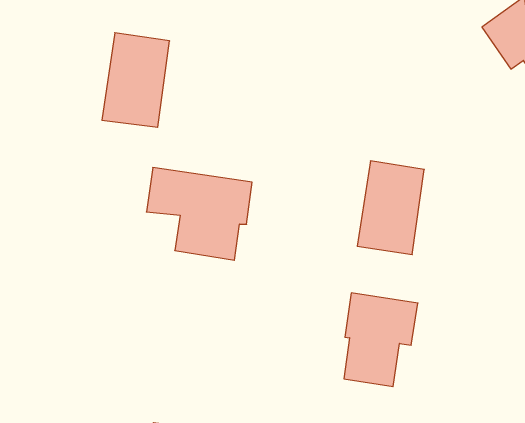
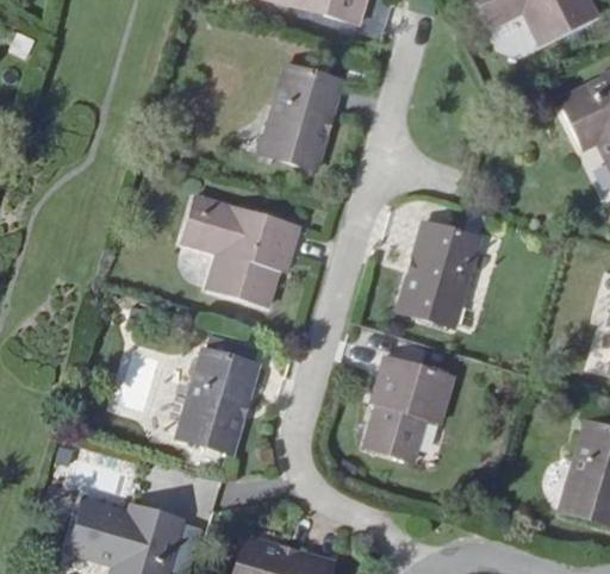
building: [102,33,170,127] -> [260,65,342,170]
building: none -> [178,337,260,455]

